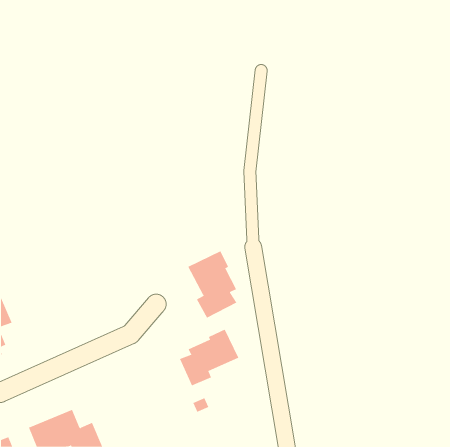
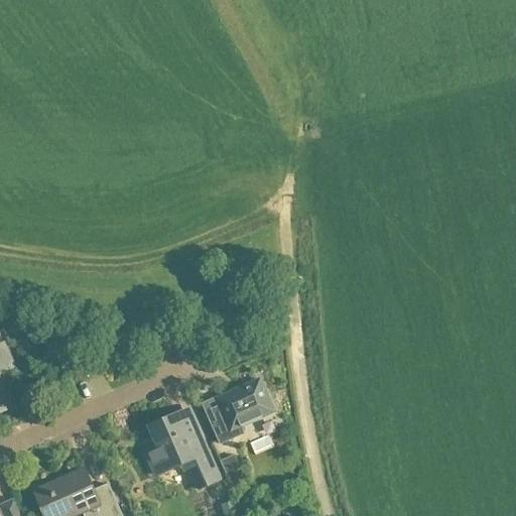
building: [187,250,237,319] -> none
building: none -> [144,413,220,486]

